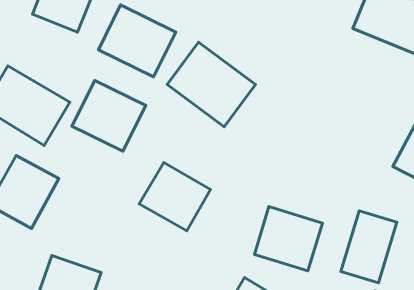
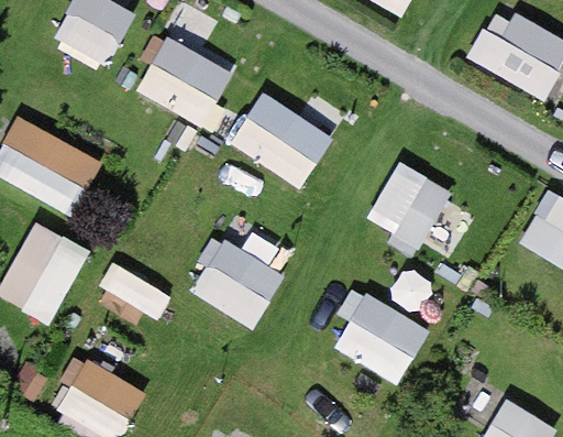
building: [72,80,146,151] -> none
building: none -> [366,159,455,250]
building: [341,211,397,283] -> none

